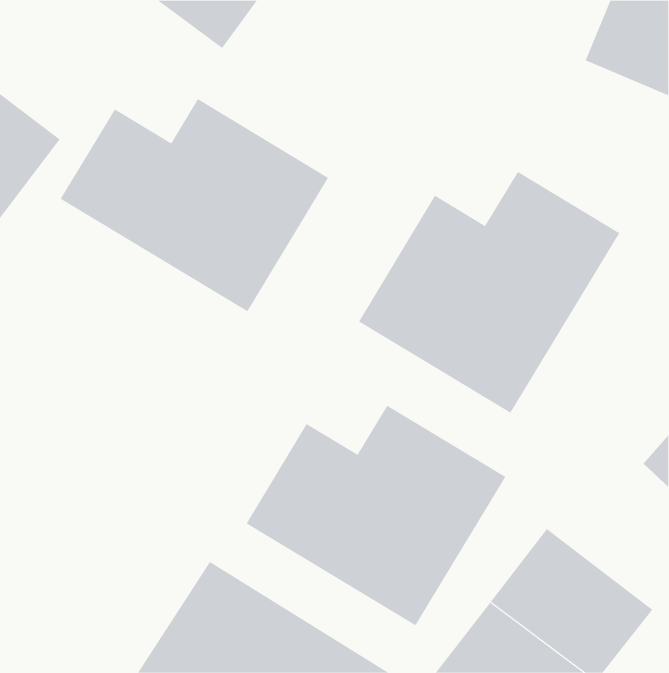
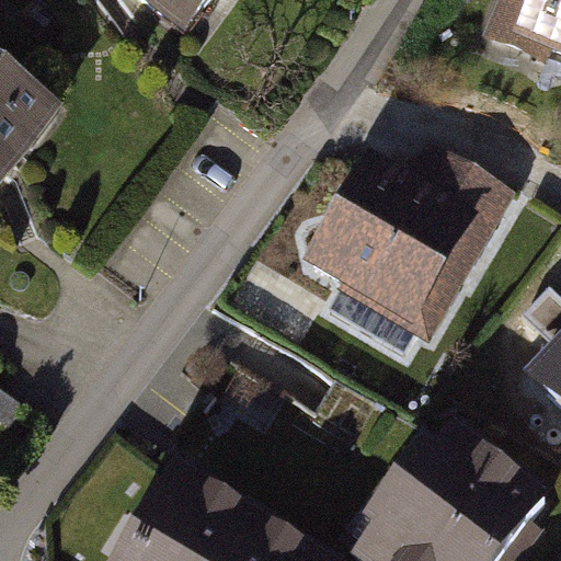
building: [60,98,329,312] -> none
building: [246,405,506,626] -> none

